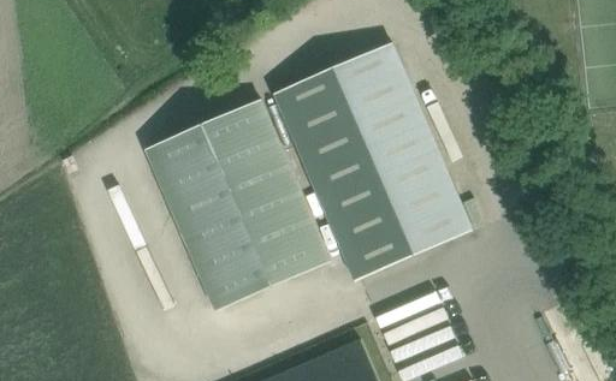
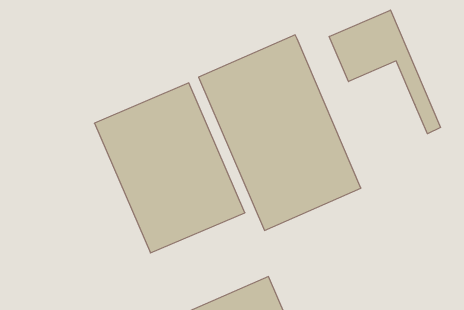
building: none -> [329,10,441,134]

